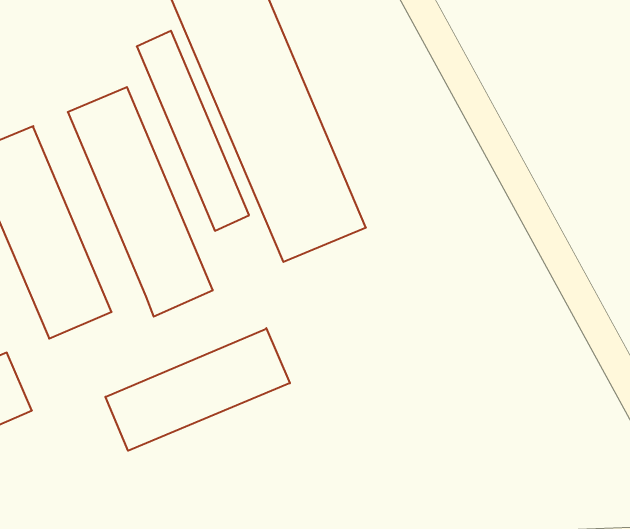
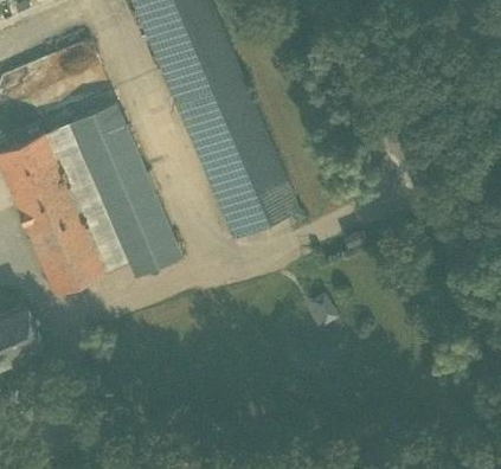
building: [137,31,249,231] -> [45,123,130,275]
building: [105,328,290,451] -> none

